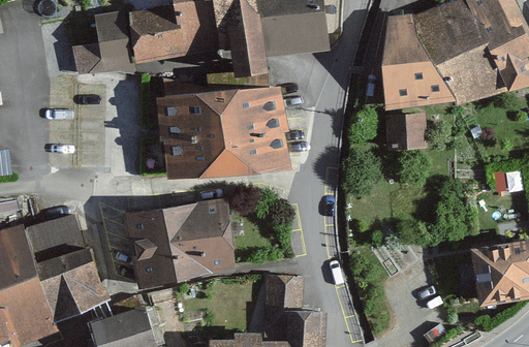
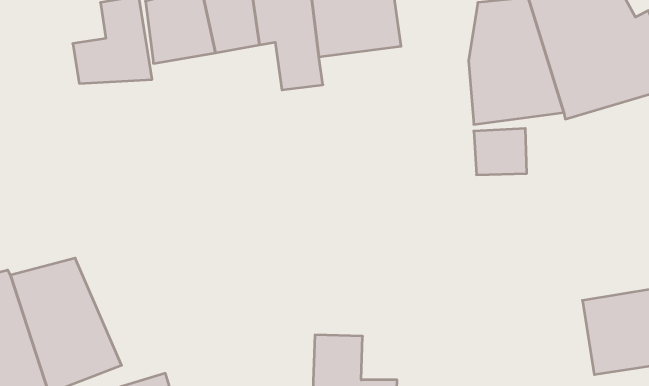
building: [156,86,290,179] -> none
building: [123,197,236,290] -> none

